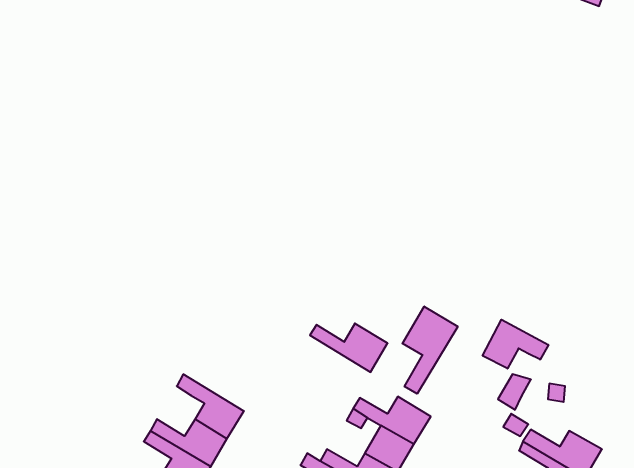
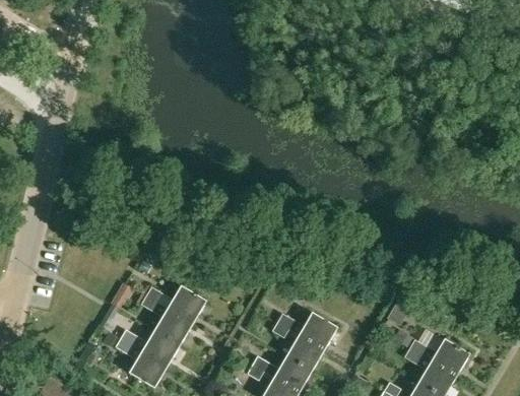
building: [402,306,458,394] -> none
building: [483,320,548,369] -> none
building: [310,323,388,372] -> [145,287,205,325]

